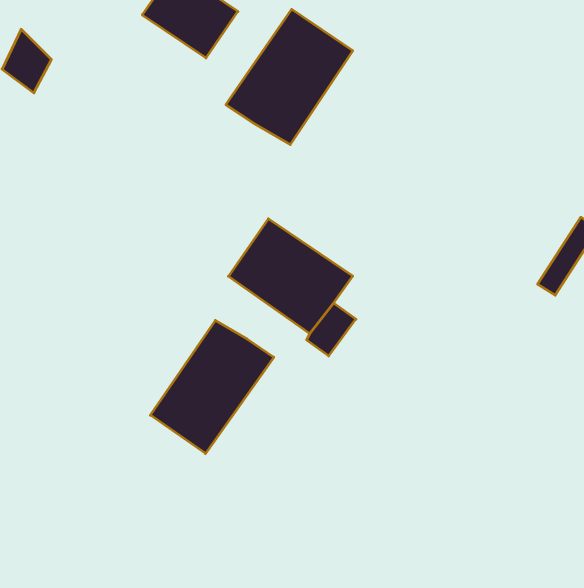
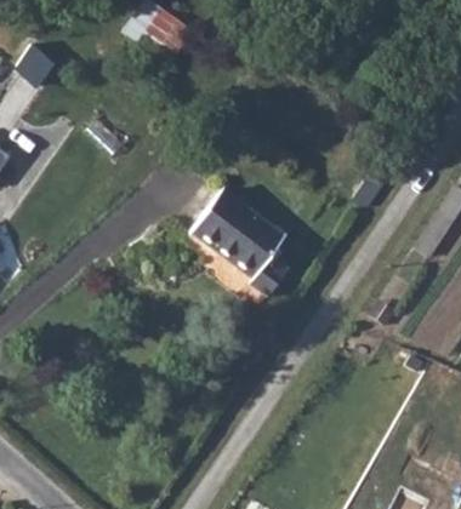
building: [226,9,353,145] -> none
building: [150,320,274,454] -> none

